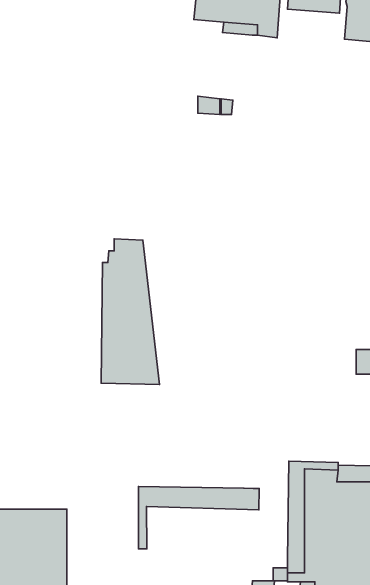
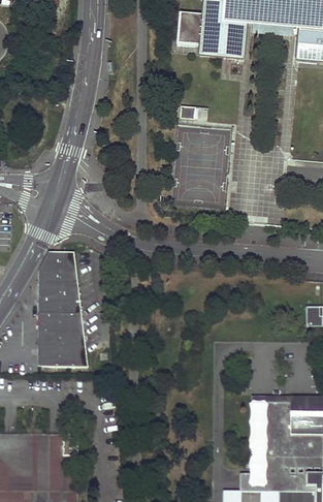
building: [101,239,160,384] -> [39,249,86,365]
building: [139,487,259,549] -> none

